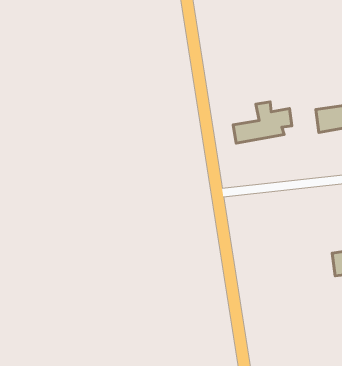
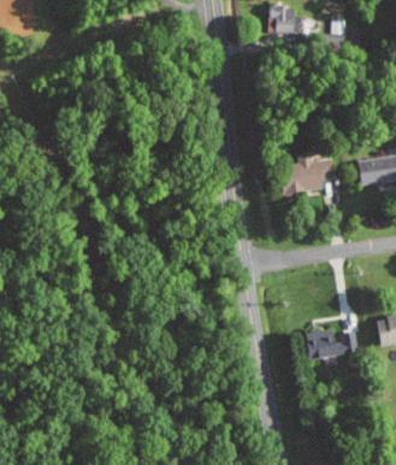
building: none -> [306,330,357,359]

